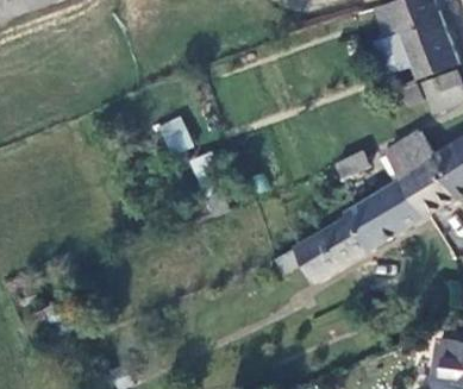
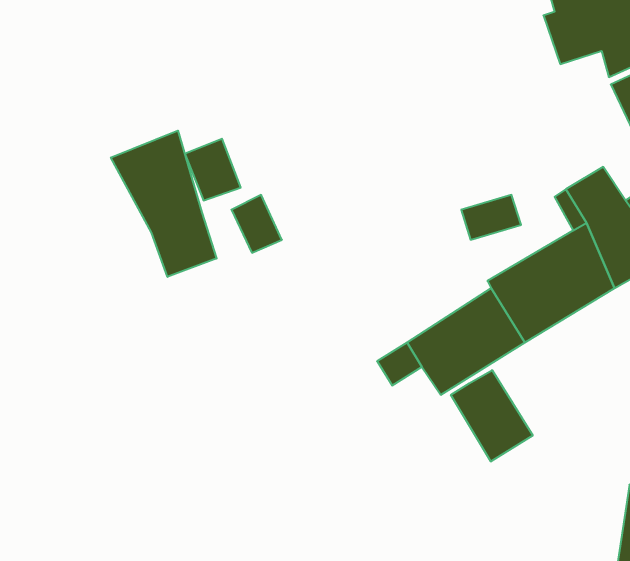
building: none -> [111,131,217,277]
building: none -> [451,370,533,462]

